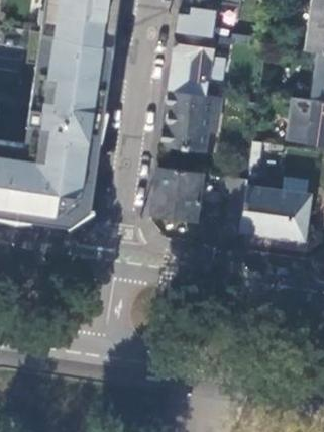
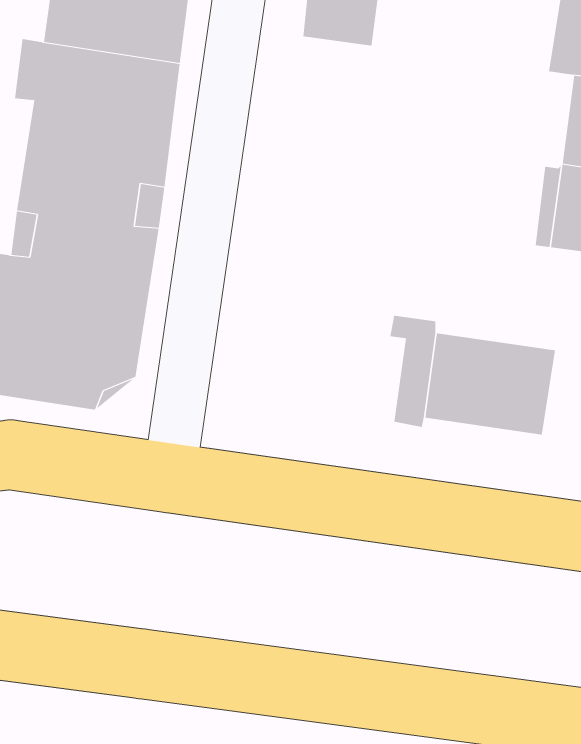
building: [174,30,216,79] -> none
building: [161,89,216,151] -> none
building: [152,167,204,219] -> none

